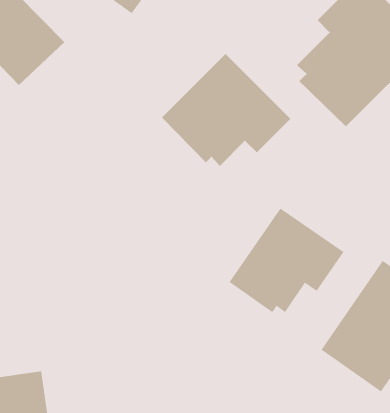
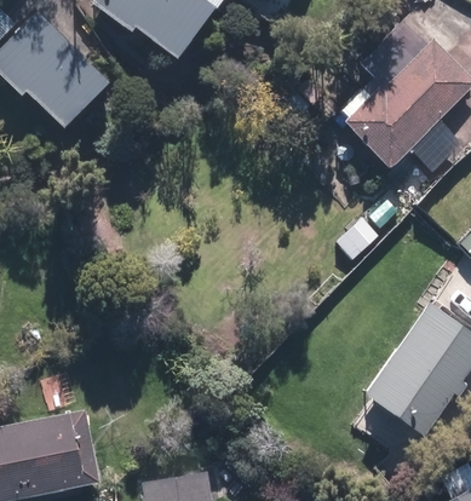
building: [161,53,291,167] -> none
building: [229,207,344,313] -> none

